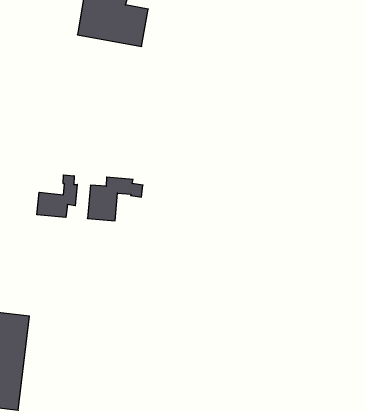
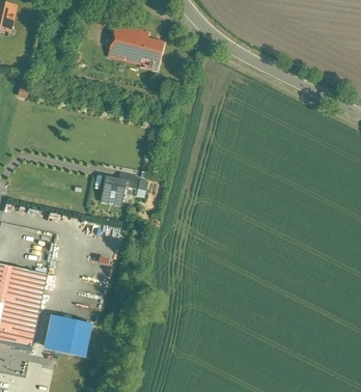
building: [37,175,77,217] -> none

